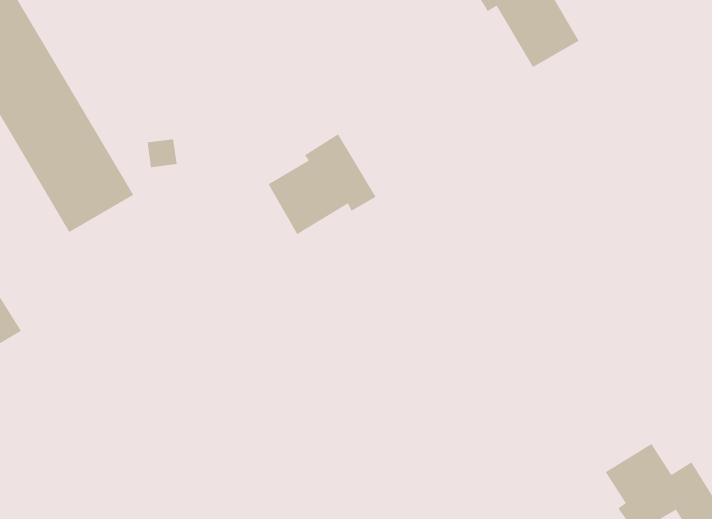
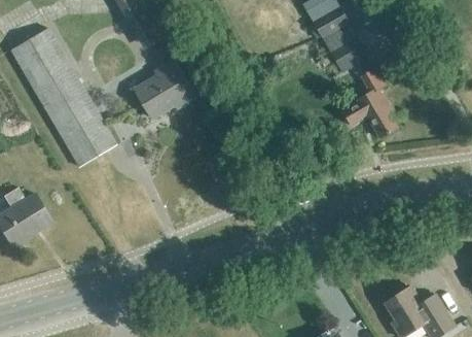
building: none -> [341,68,398,138]
building: [268,133,377,235] -> [135,61,196,119]

